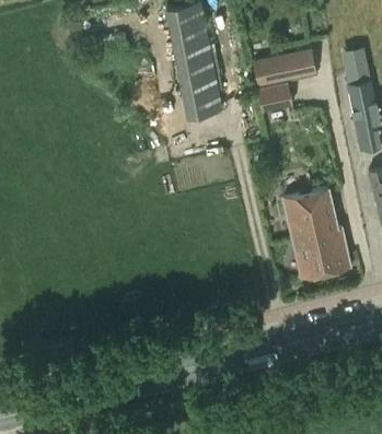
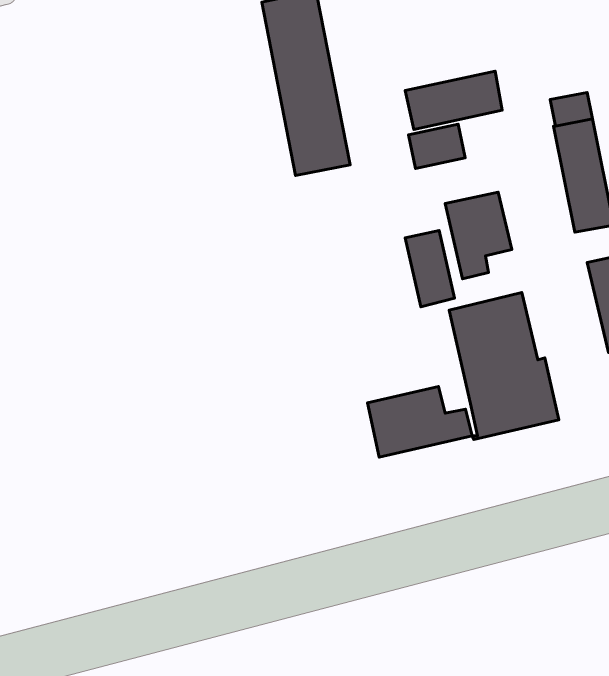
building: none -> [445,192,512,279]
building: none -> [405,230,454,307]
building: none -> [367,386,472,457]

